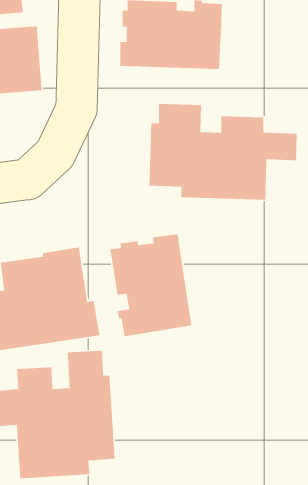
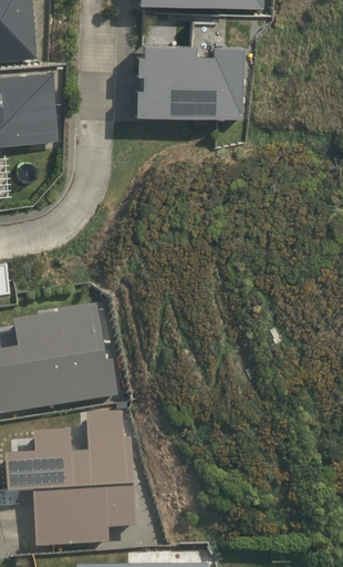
building: [149,103,297,201] -> none
building: [109,234,192,337] -> none

